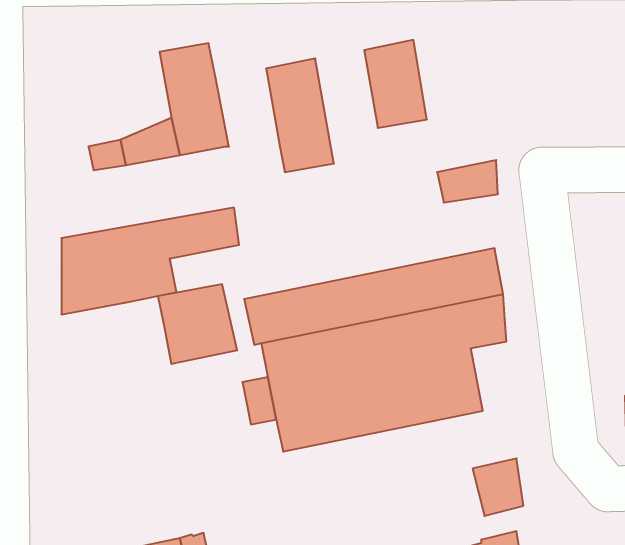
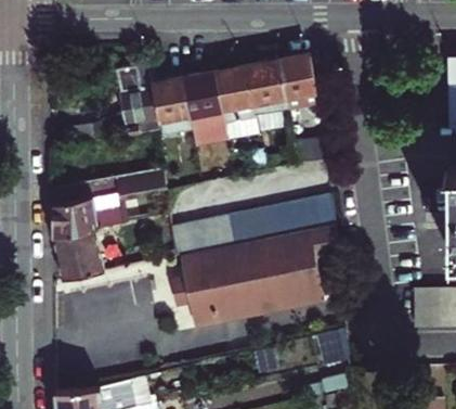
building: none -> [279,54,321,111]
building: none -> [217,66,260,139]
building: none -> [153,78,194,133]
building: [158,284,237,364] -> [54,228,105,279]

